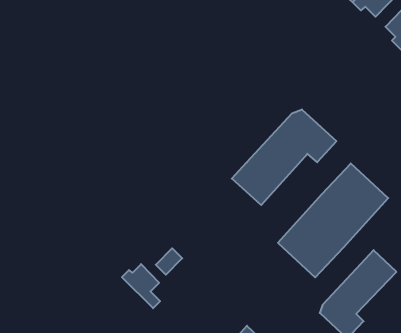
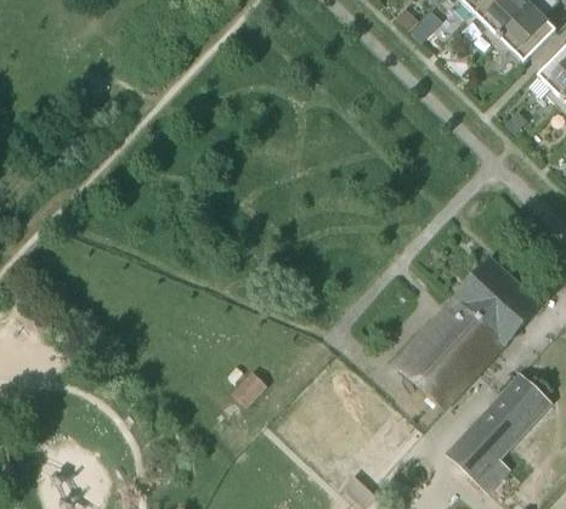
building: [232,109,336,205] -> none
building: [122,264,160,308] -> none

